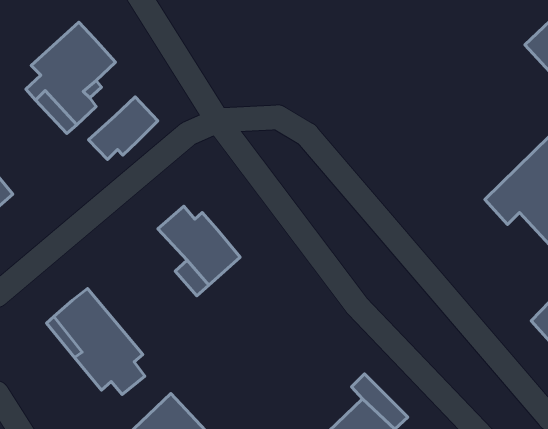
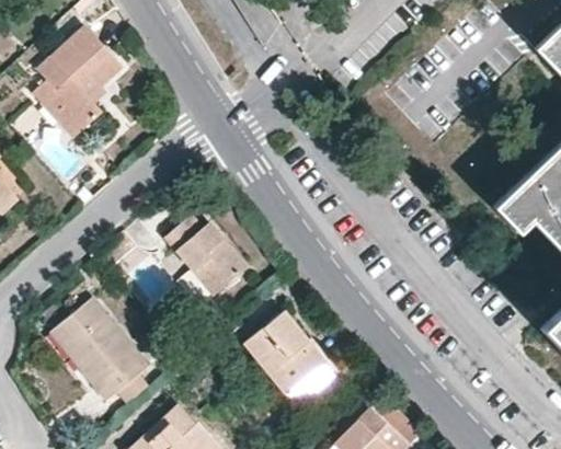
building: [89,97,158,159] -> none
building: none -> [244,311,339,408]

